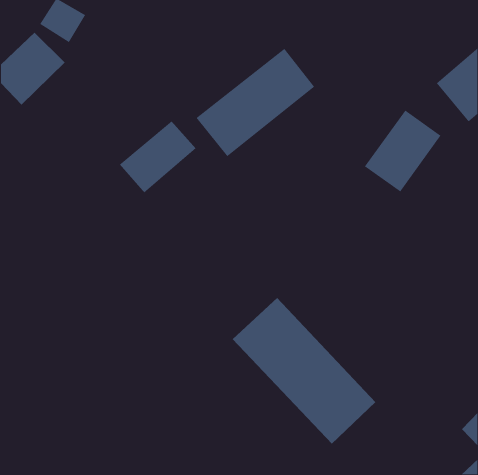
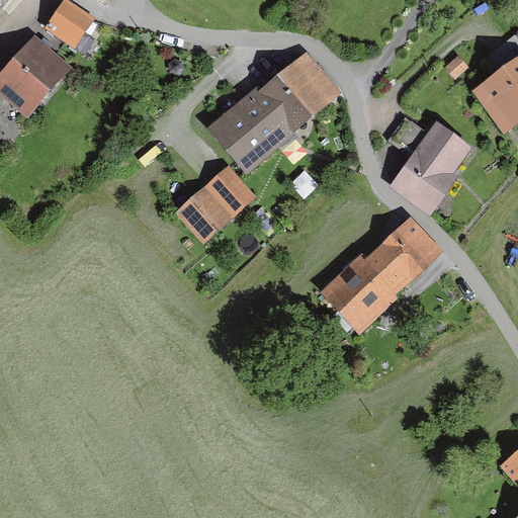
building: [119,121,197,193] -> [174,165,258,244]
building: none -> [321,215,439,332]
building: [232,297,376,445] -> none

